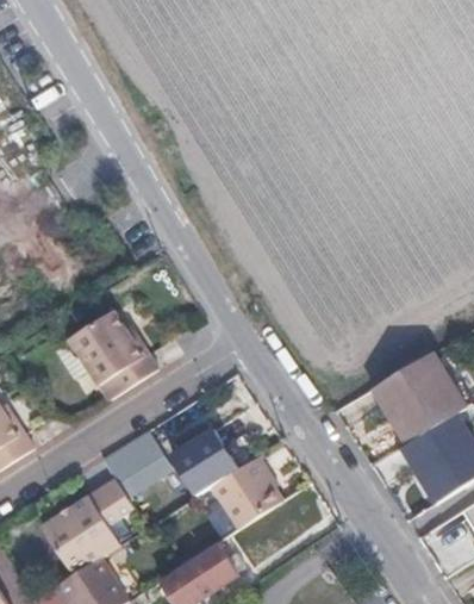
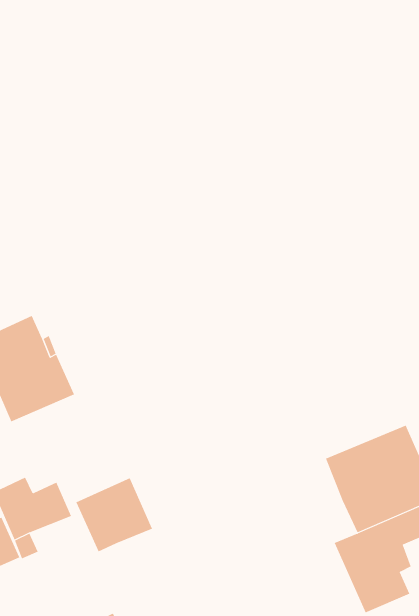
building: [212,455,282,528] -> none

